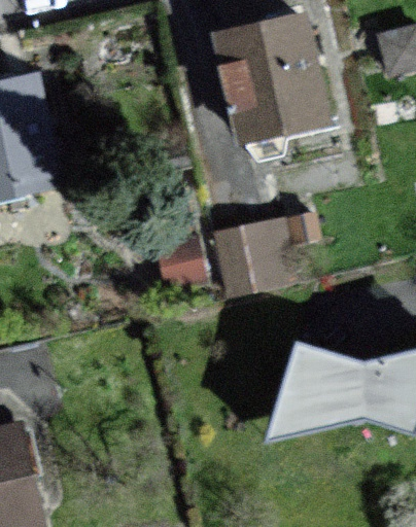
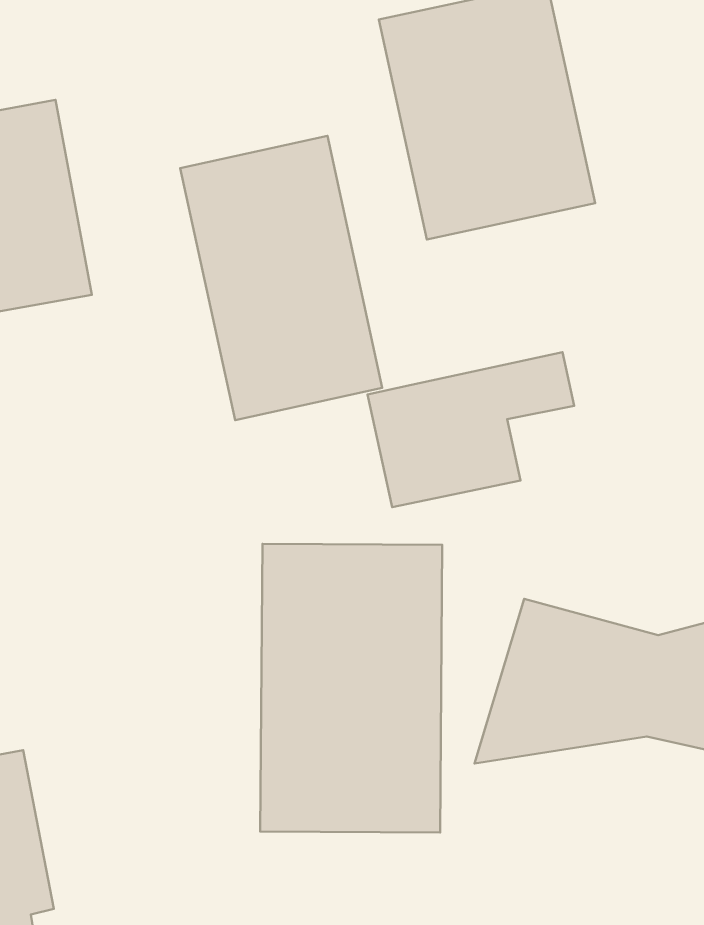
building: none -> [180,136,382,420]
building: none -> [260,544,442,832]

